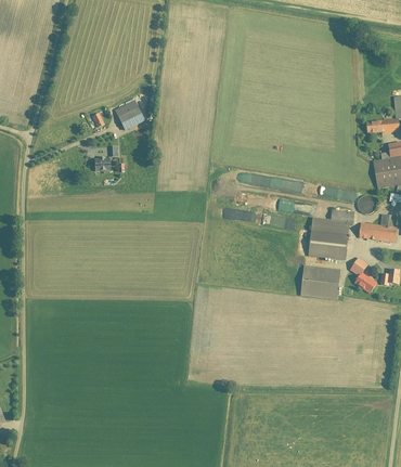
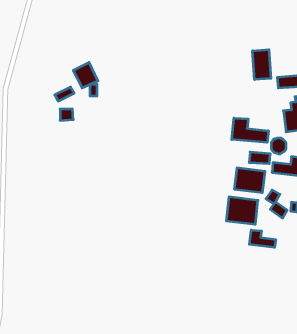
building: none -> [253,50,271,80]
building: none -> [232,118,268,142]
building: none -> [249,230,276,247]

